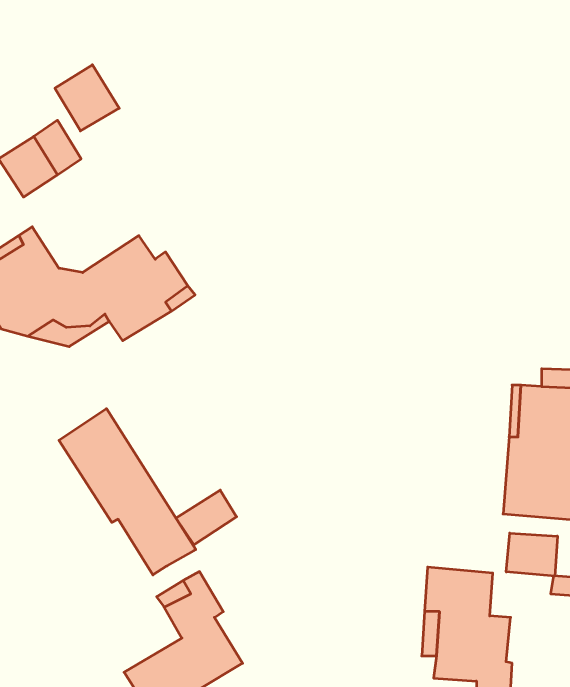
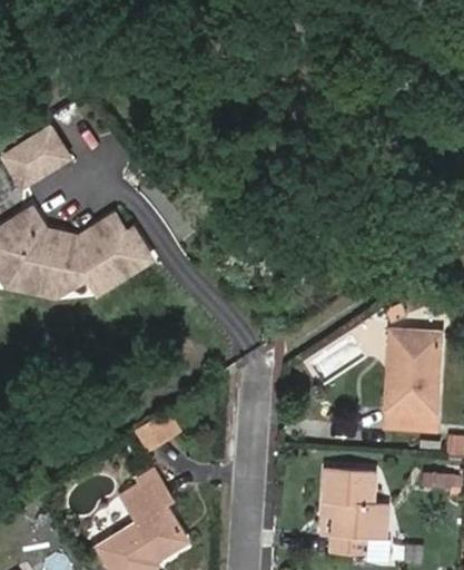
building: [55,65,119,131] -> none
building: [59,409,196,575] -> none
building: [506,533,557,576] -> none

